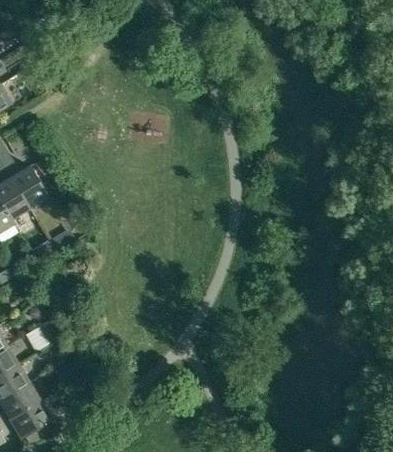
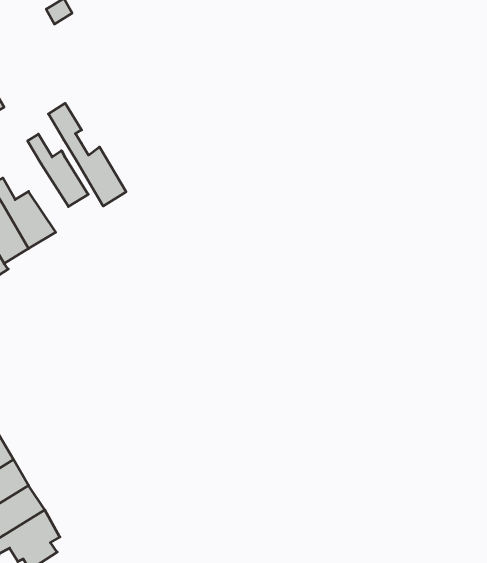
building: none -> [48,103,126,206]
building: none -> [28,134,88,207]

